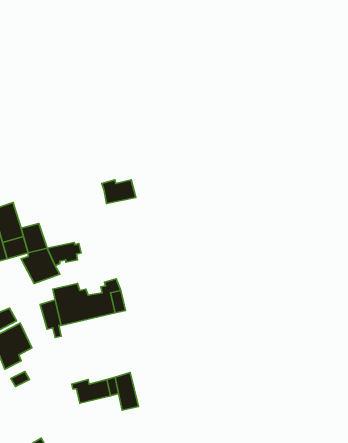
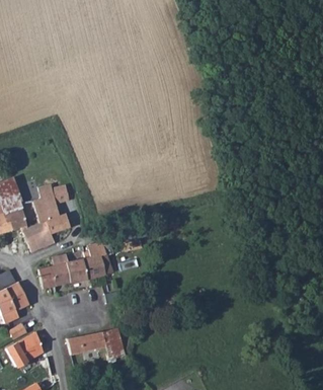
building: [102,180,136,203] -> [42,187,71,208]
building: none -> [10,332,46,364]

